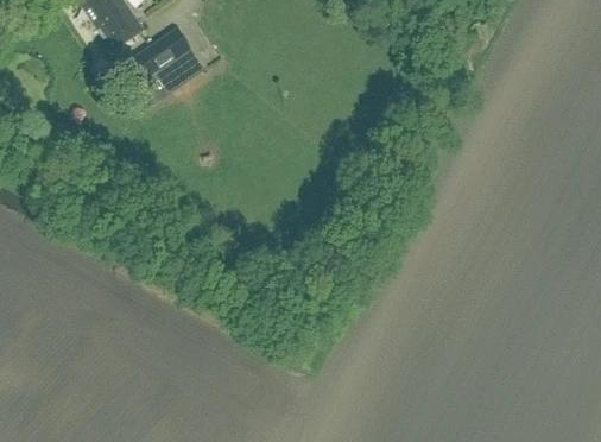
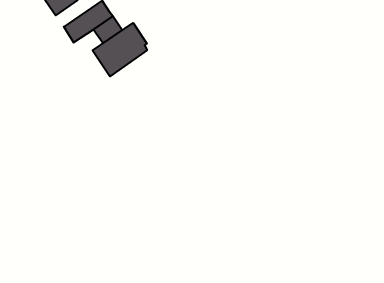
building: none -> [93,23,147,76]

